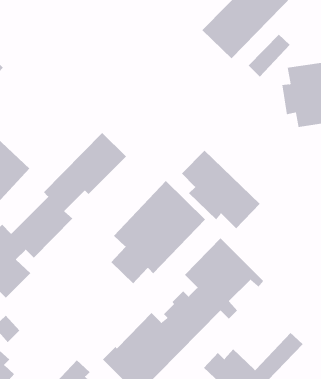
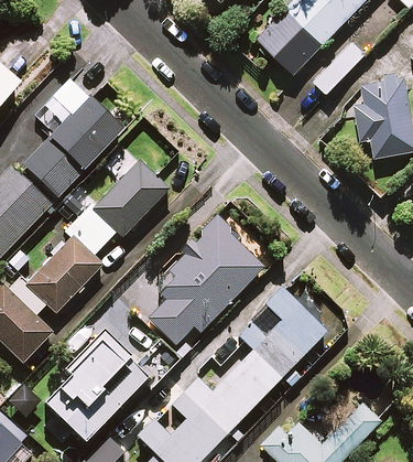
building: none -> [22,82,121,200]
building: [181,150,260,229] -> none
building: none -> [44,332,148,441]

